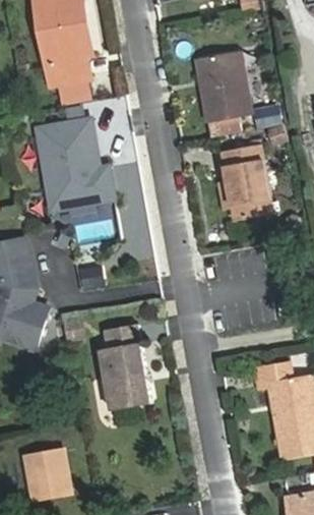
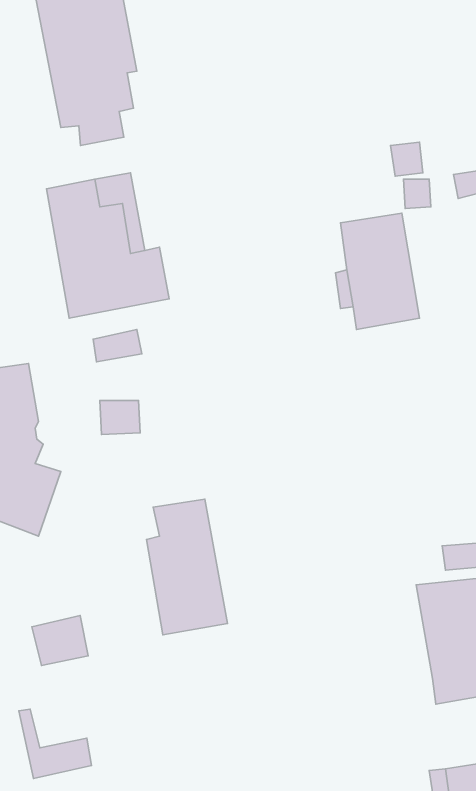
building: [192,34,256,122] -> none
building: [28,451,64,482] -> [32,616,88,666]

